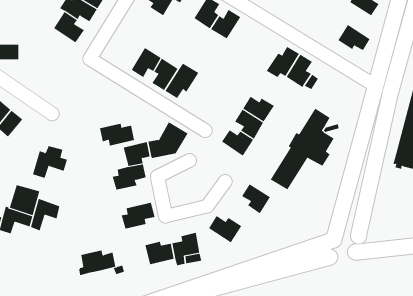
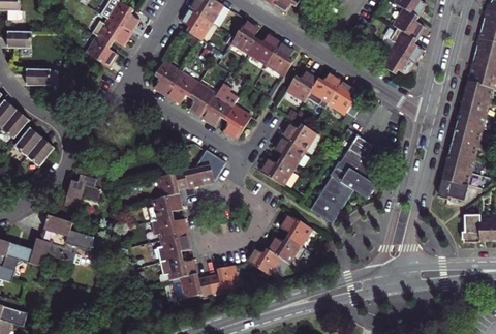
building: none -> [391,28,423,64]
building: none -> [267,41,295,77]
building: none -> [153,61,181,96]
building: none -> [286,70,319,101]
building: none -> [224,105,251,140]
building: [99,123,135,146] -> [151,216,188,240]
building: none -> [268,236,307,264]
building: [78,250,116,276] -> [158,256,197,283]

